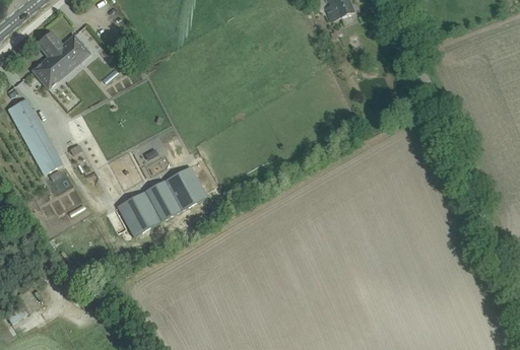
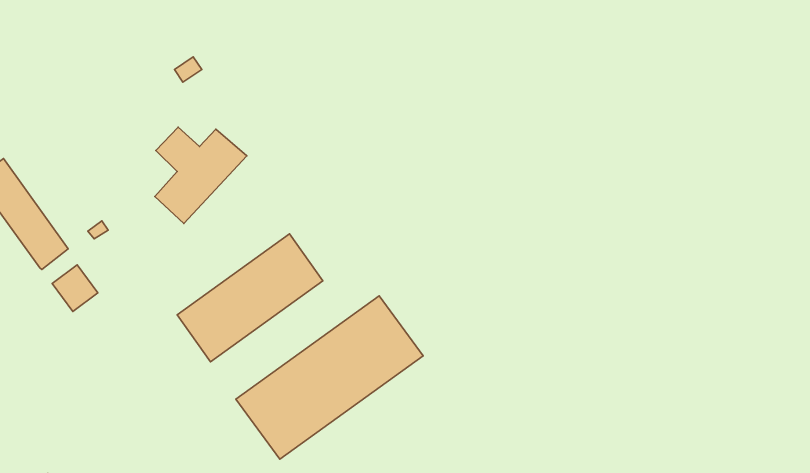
building: [32,30,90,88] -> [155,127,247,224]
building: none -> [236,296,423,459]

